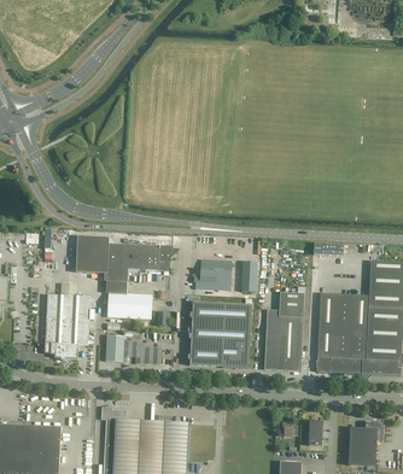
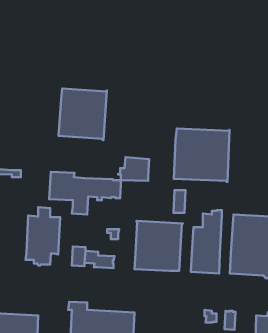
building: none -> [58,89,107,140]
building: none -> [174,129,230,182]
building: [191,258,232,289] -> [118,157,149,181]
building: [106,292,151,318] -> none

